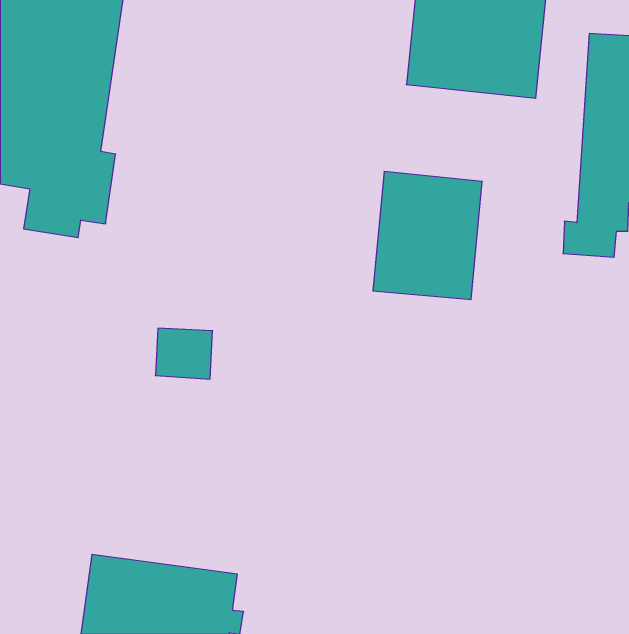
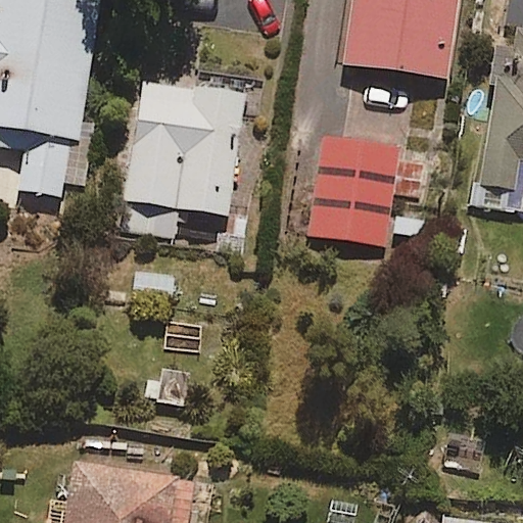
building: none -> [116,65,242,240]

